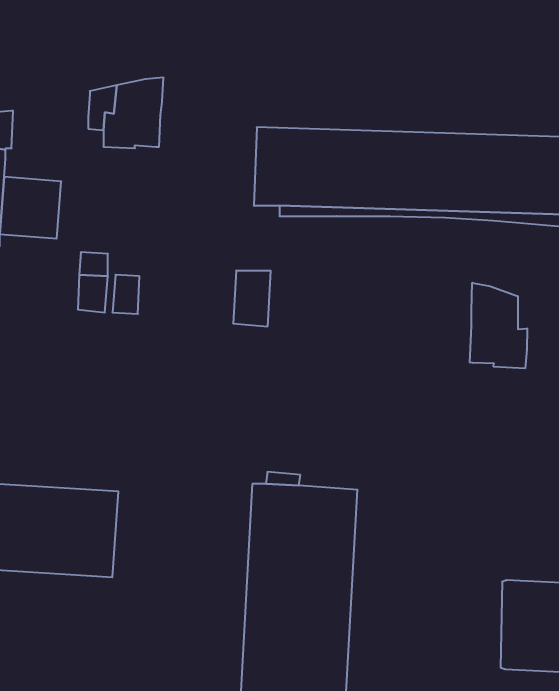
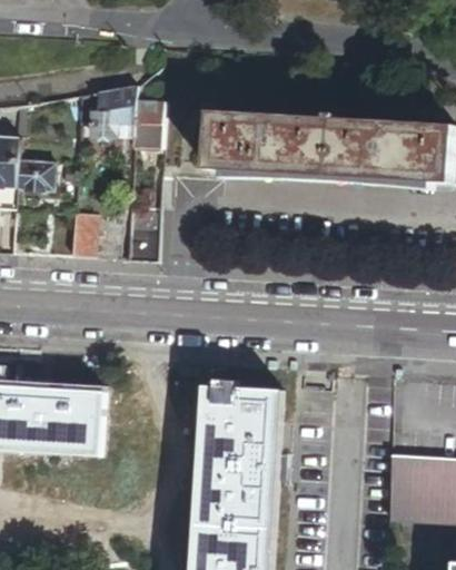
building: none -> [133,100,159,148]
building: [233,271,271,326] -> [127,219,155,261]
building: [470,283,527,368] -> none

